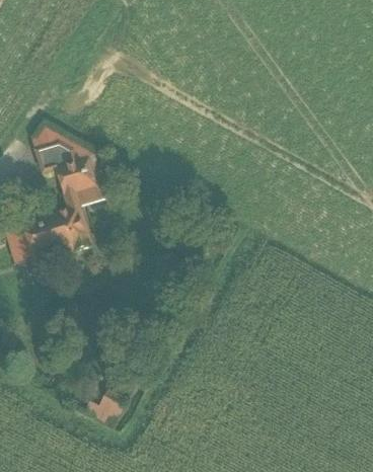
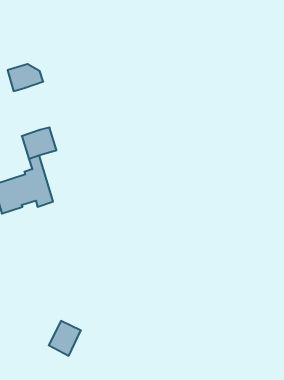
building: [40,141,81,172] -> [8,64,43,91]

